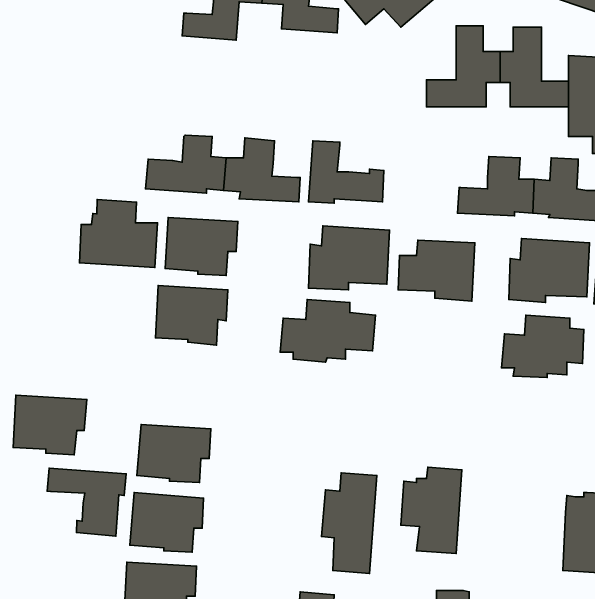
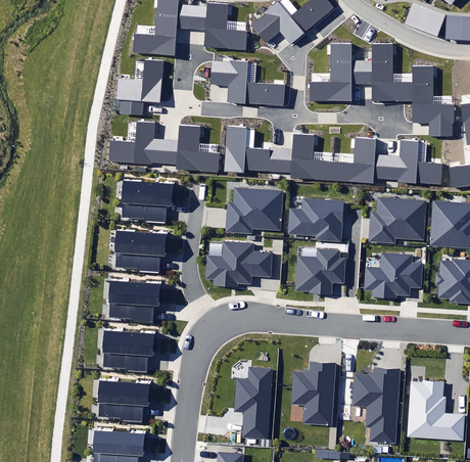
building: none -> [212,60,284,104]
building: none -> [116,61,162,117]
building: none -> [278,133,333,179]
building: [79,200,157,268] -> none
building: none -> [296,249,347,293]
building: [13,395,87,455] -> [107,280,160,323]
building: [47,468,126,536] -> none
building: none -> [352,367,401,444]

